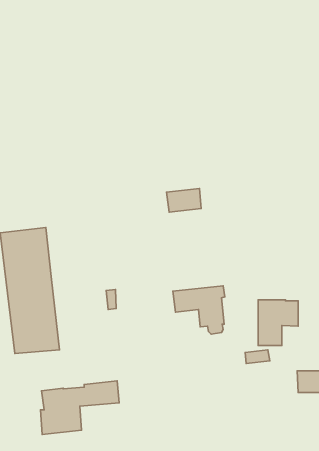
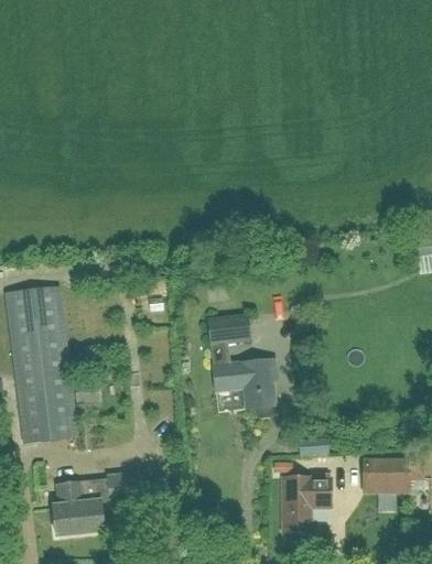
building: [167,189,201,212] -> [207,315,249,344]
building: [258,300,298,345] -> [282,476,331,531]

